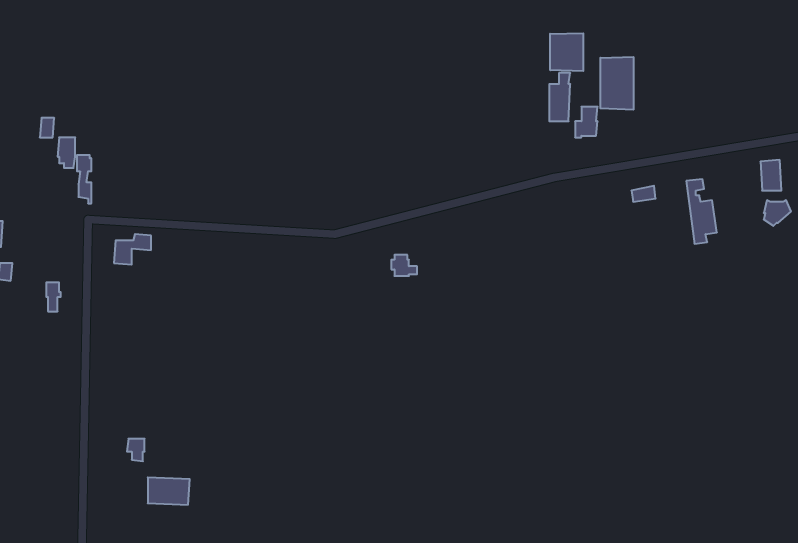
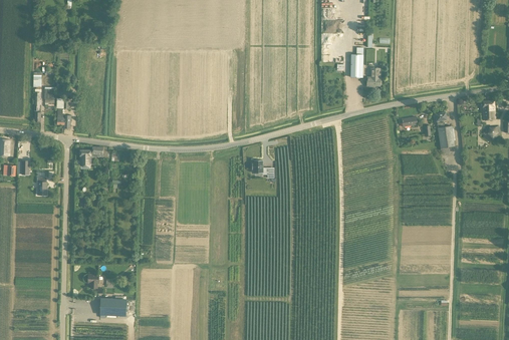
building: [550,33,583,71] -> none
building: [600,57,633,110] -> none

